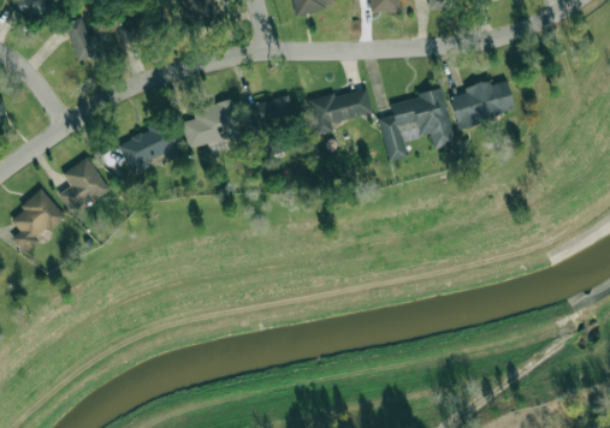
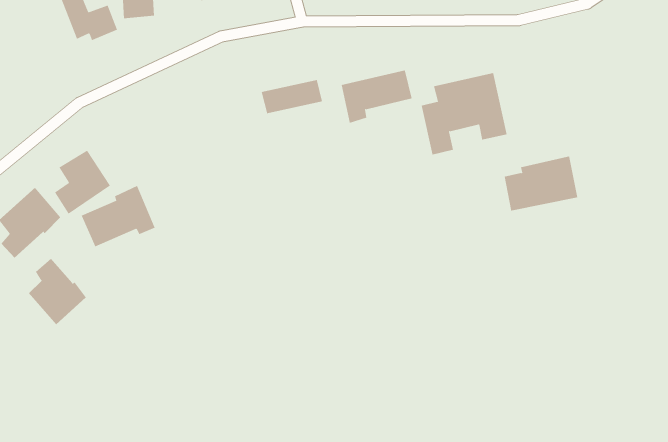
building: [450,78,515,126] -> [504,156,578,211]
building: [182,99,242,149] -> none
building: [118,118,183,172] -> [81,185,155,247]
building: none -> [28,258,87,325]

